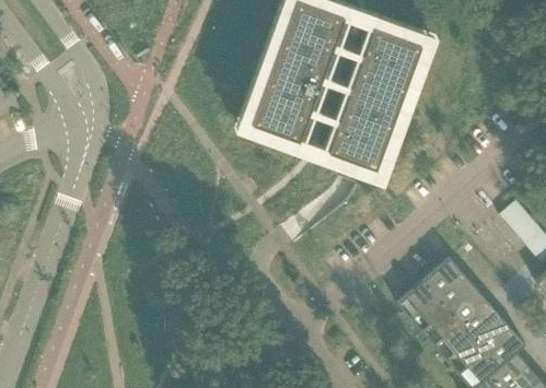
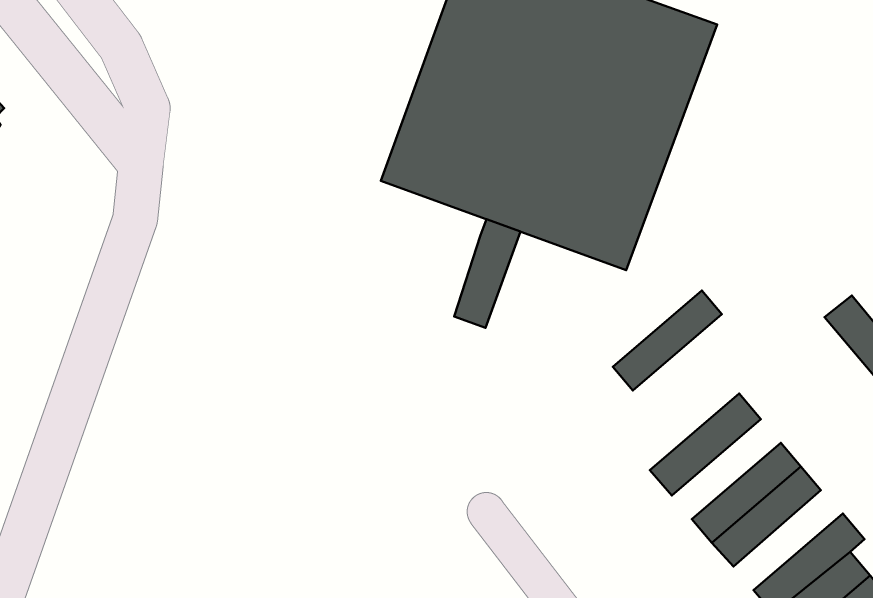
building: none -> [454,219,520,328]
building: [413,274,478,334] -> [613,291,722,391]
building: [450,317,515,377] -> none

